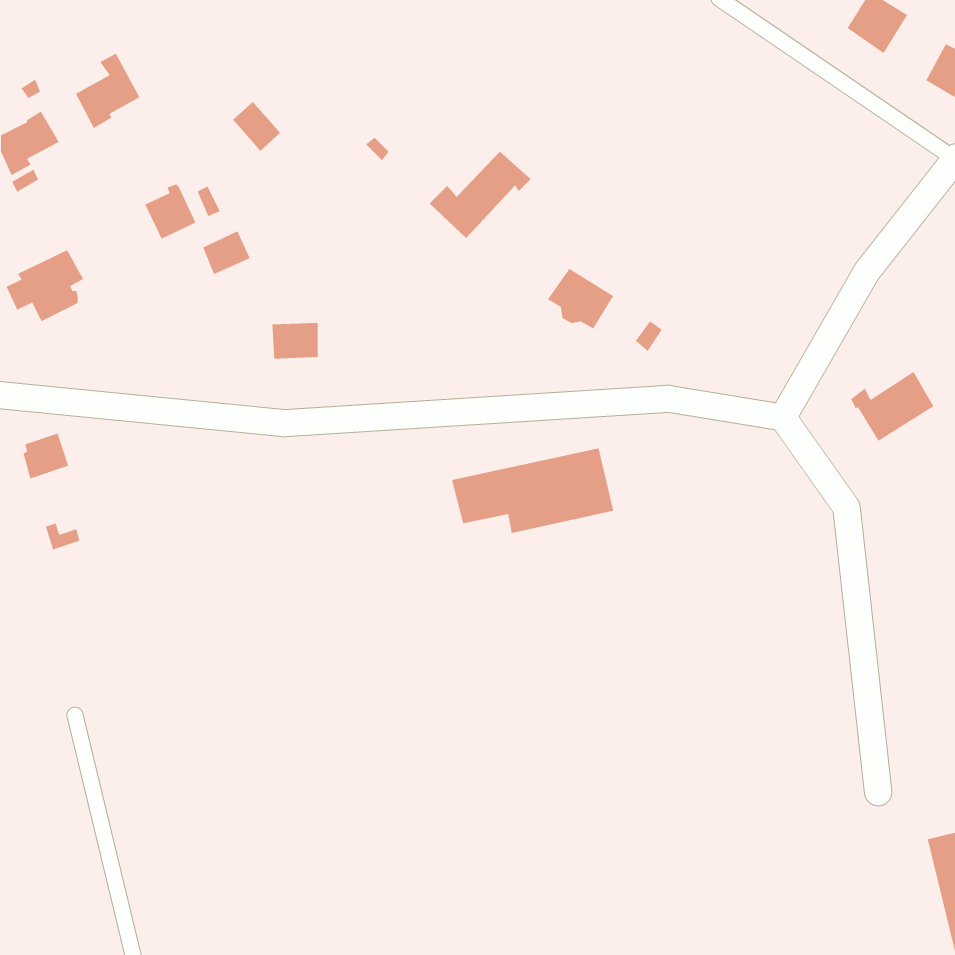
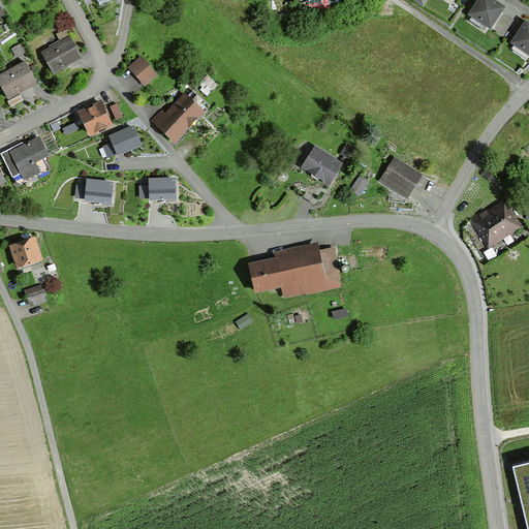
building: [429,151,532,239] -> [152,91,209,139]
building: none -> [380,158,421,193]
building: none -> [88,179,114,200]

